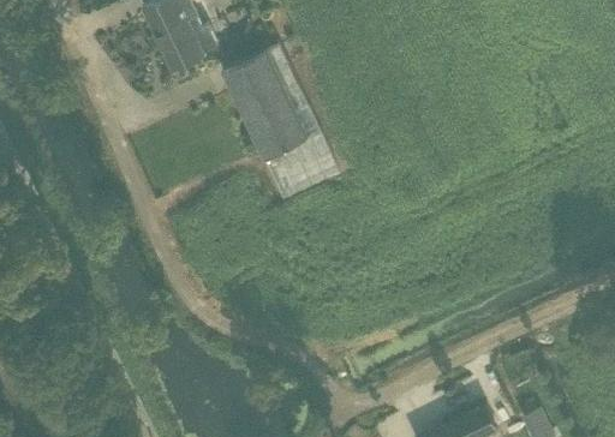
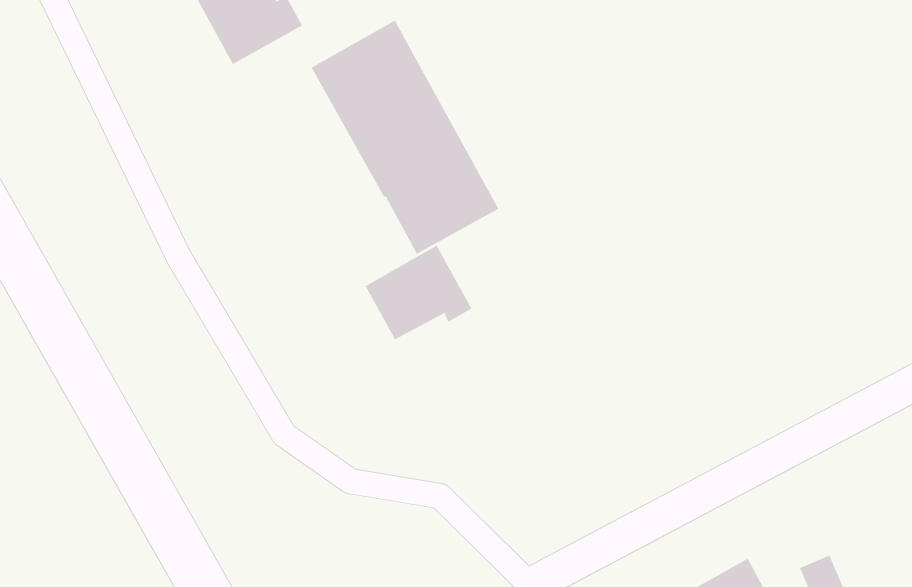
building: none -> [365,245,472,340]

